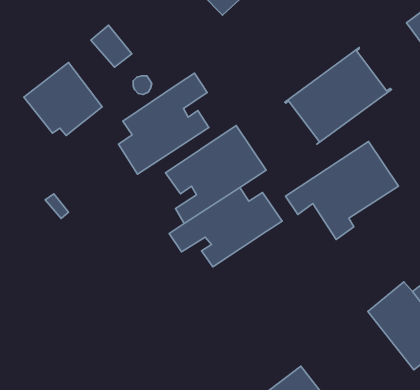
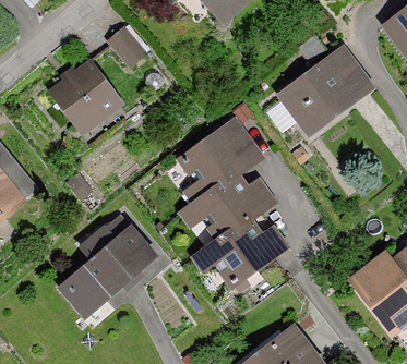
building: [119,73,209,174] -> none
building: [285,141,398,239] -> [191,209,290,295]
building: none -> [61,227,156,311]

